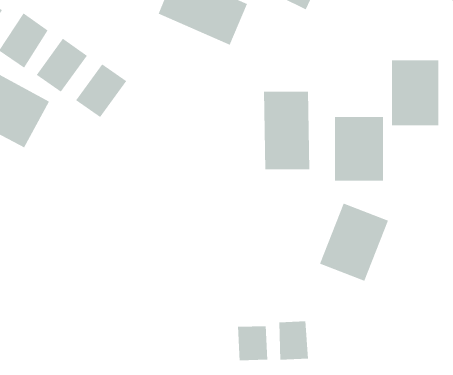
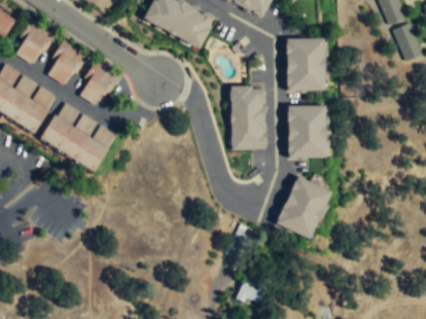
building: [391,60,439,126] -> [286,38,325,92]
building: none -> [40,102,116,171]
building: [238,325,268,361] -> none

